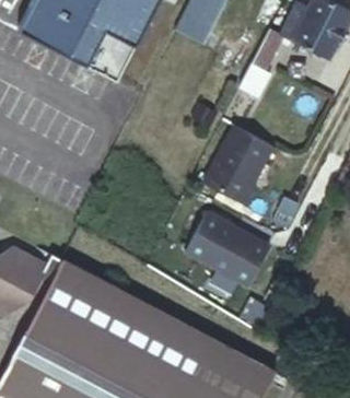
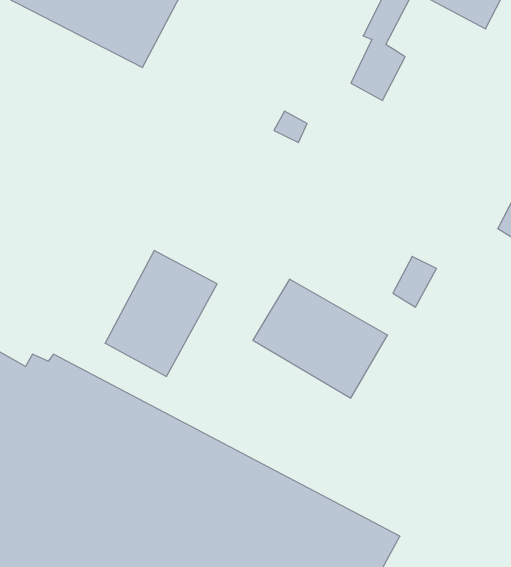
building: [205,124,275,202] -> [105,251,217,377]

